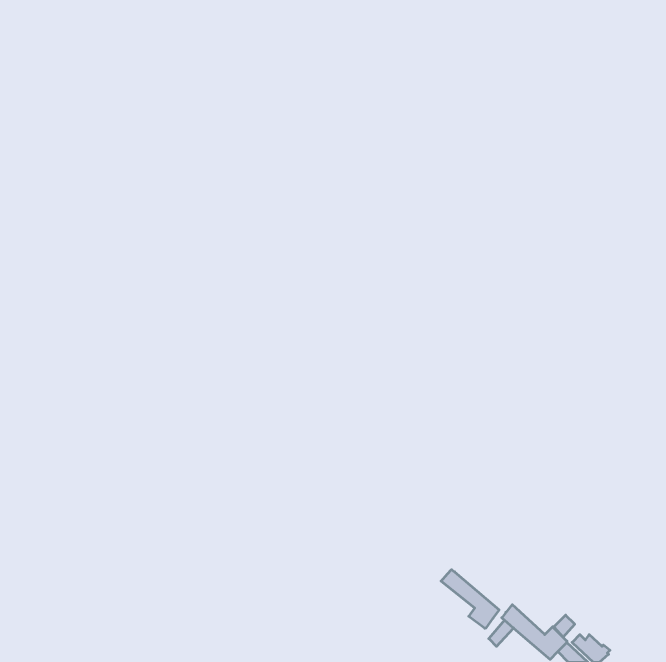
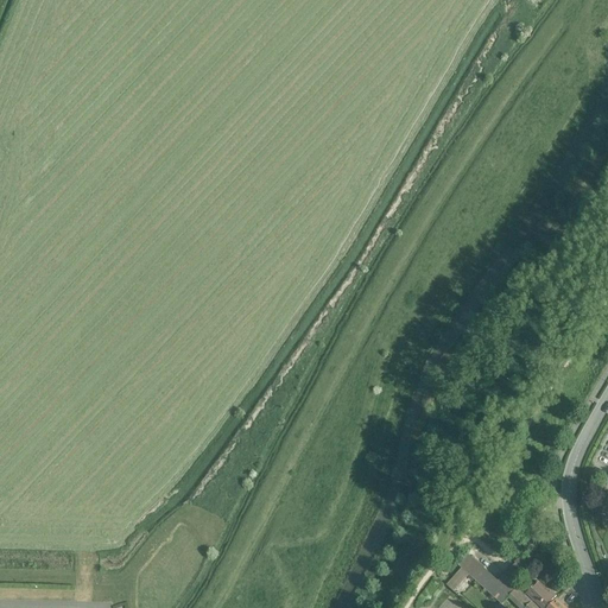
building: [441,570,499,628] -> none

